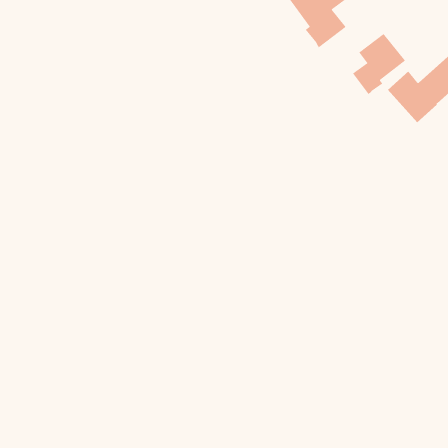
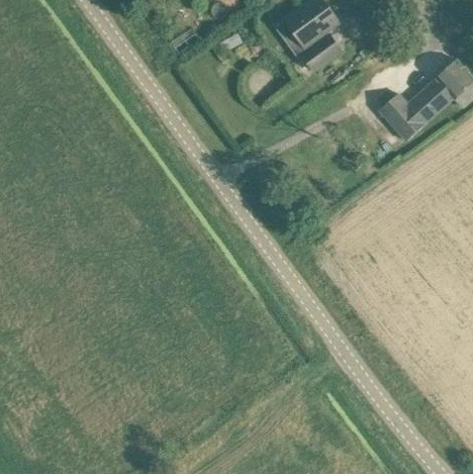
building: [352,33,406,95] -> none

